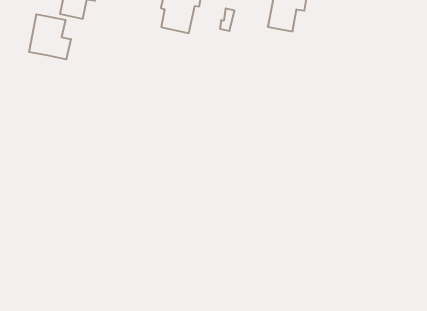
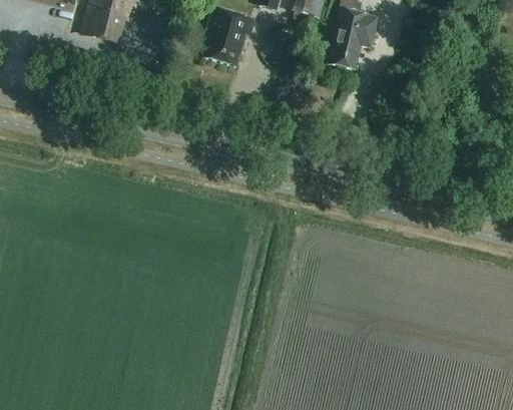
building: [29,14,71,59] -> none

